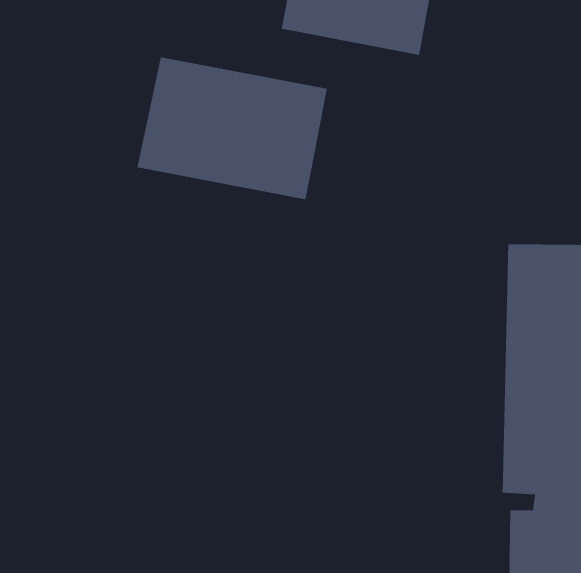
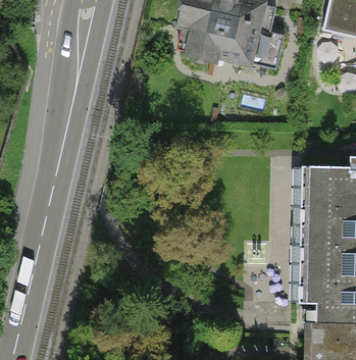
building: [137,56,327,200] -> none

